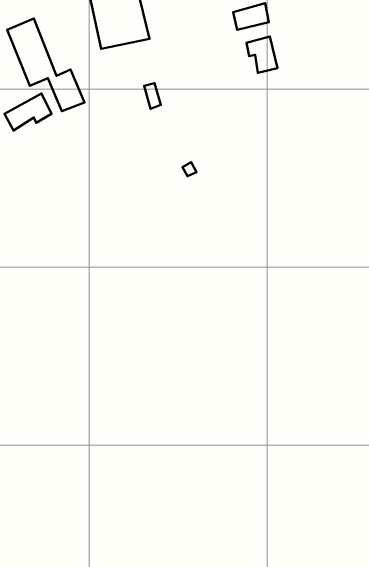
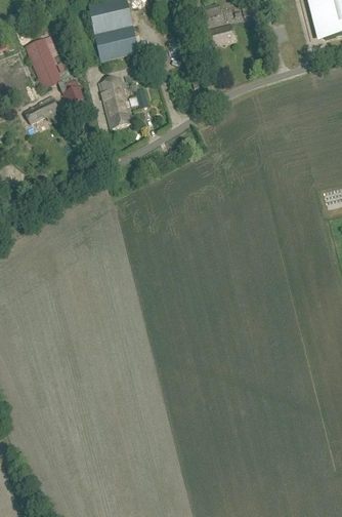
building: [246,37,277,73] -> none
building: none -> [98,76,131,126]

